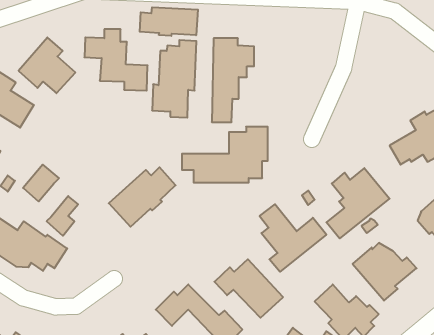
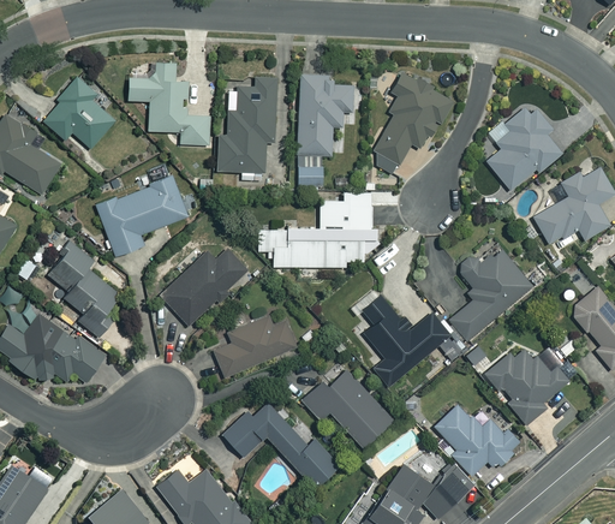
building: [140,7,198,36] -> none
building: none -> [375,72,452,174]
building: none -> [485,108,561,190]
building: none -> [95,173,189,257]
building: none -> [62,268,106,312]
building: none -> [214,318,303,379]

